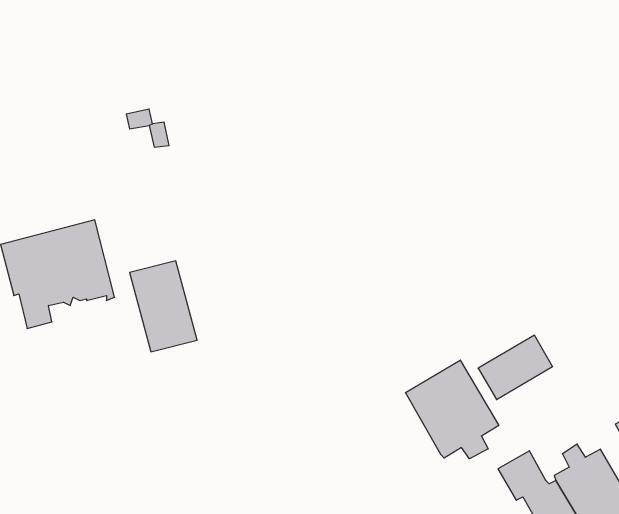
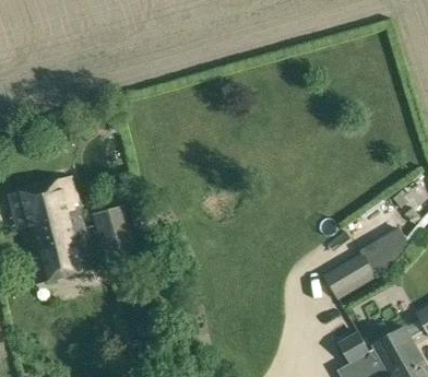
building: none -> [25,228,93,283]
building: none -> [359,229,405,279]
building: [406,360,499,459] -> none

